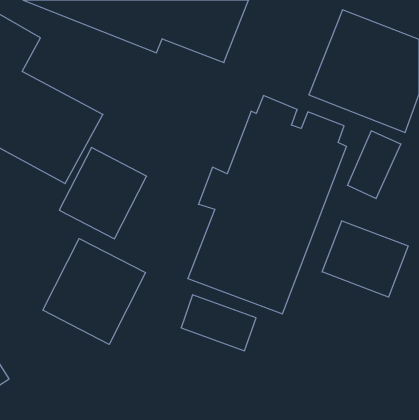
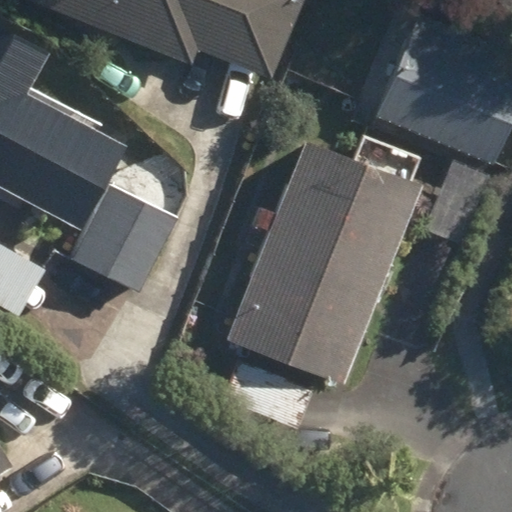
building: [322,221,408,297] -> none
building: [43,239,145,344] -> none

